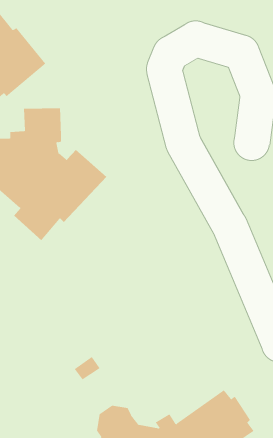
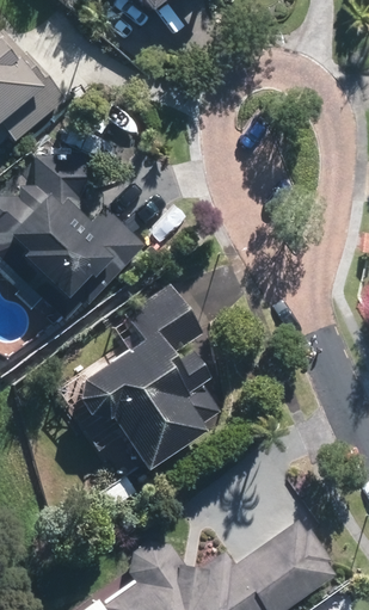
building: none -> [80,285,217,472]

